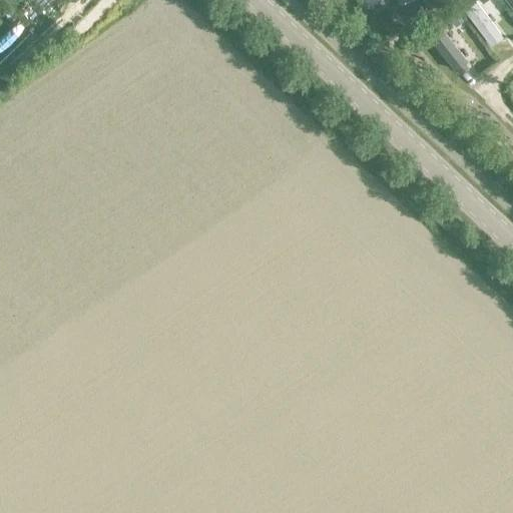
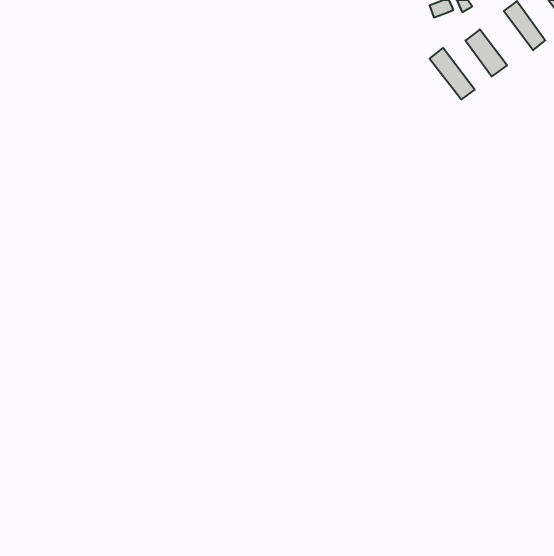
building: none -> [430,48,475,99]

